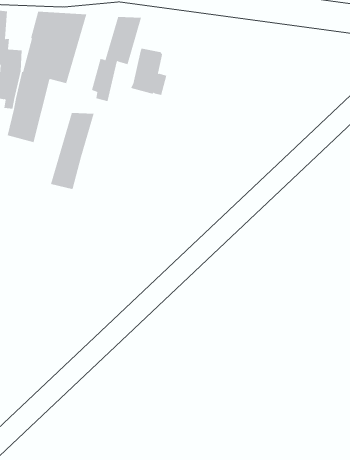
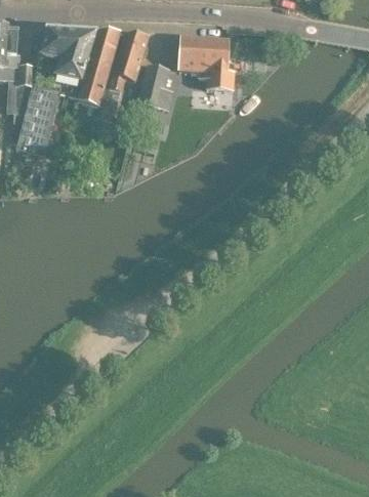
building: none -> [179,36,235,89]
building: [50,113,94,190] -> [78,31,121,106]

